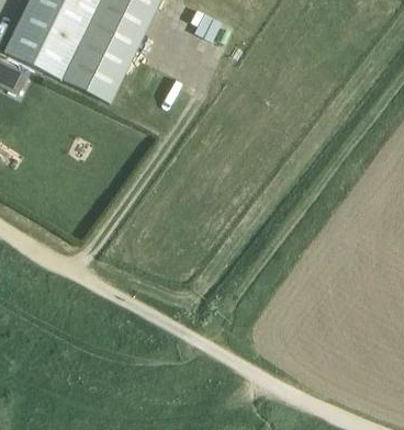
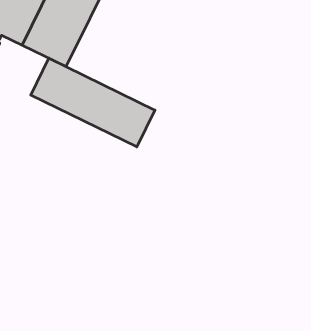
building: none -> [31,58,155,147]

